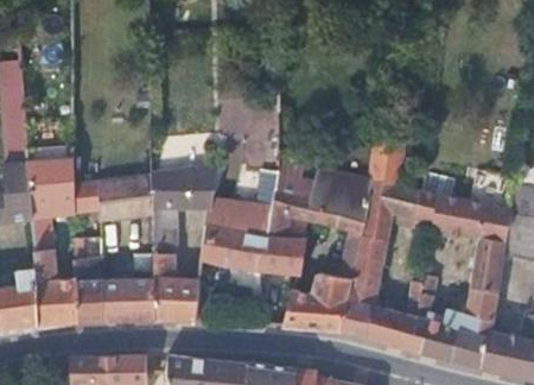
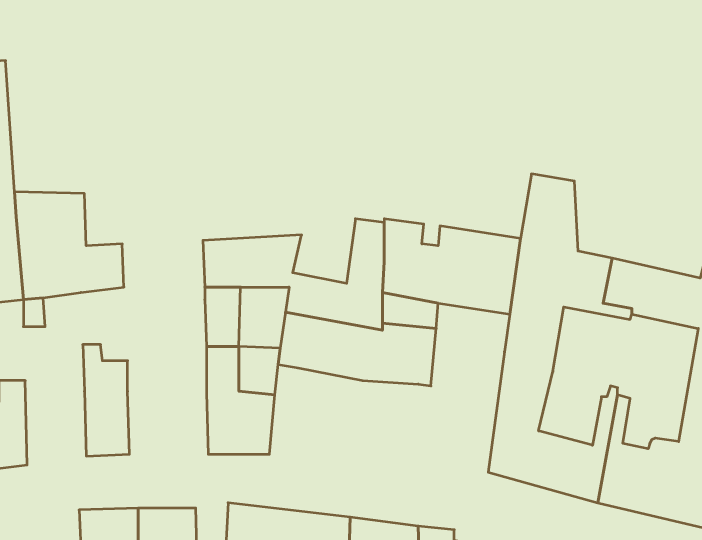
building: [98,179,153,221] -> none
building: [33,245,75,328] -> none
building: [285,253,351,333] -> none
building: [102,273,155,321] -> none

